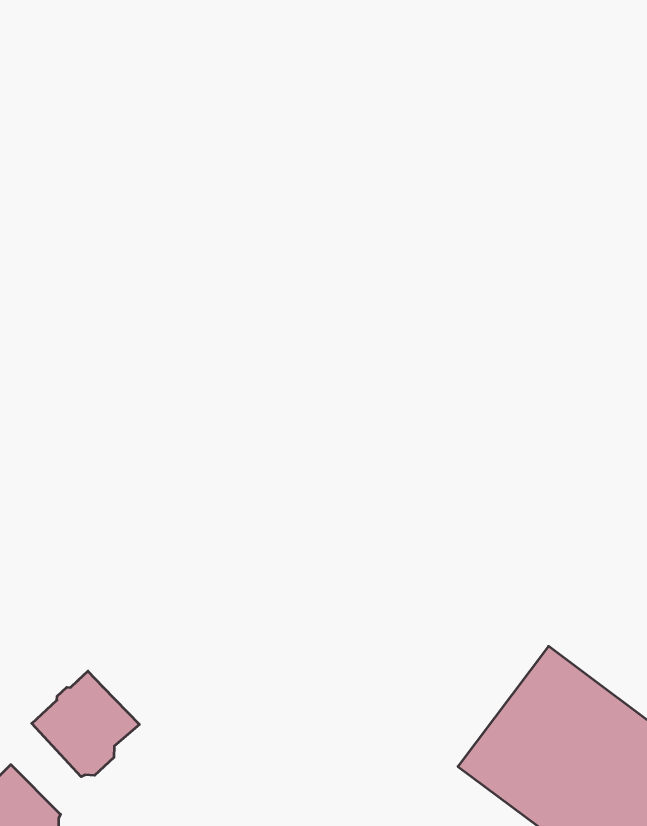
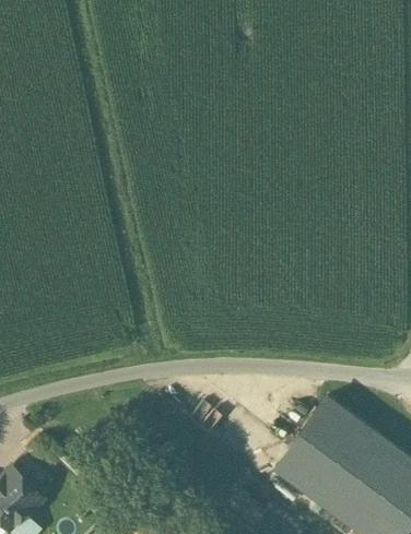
building: [32,671,139,777] -> none

